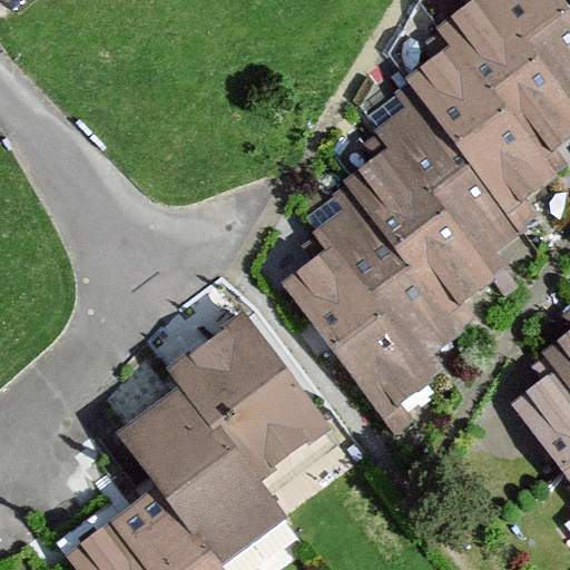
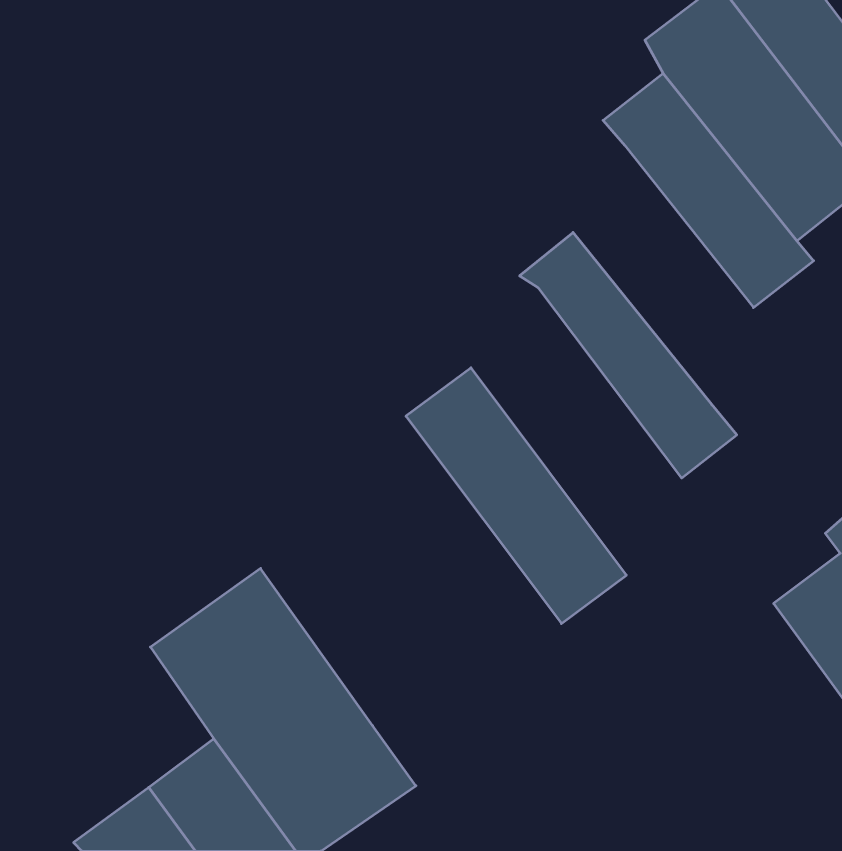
building: [376,97,531,269] -> none
building: [309,191,479,383] -> none
building: [167,307,331,483] -> none

